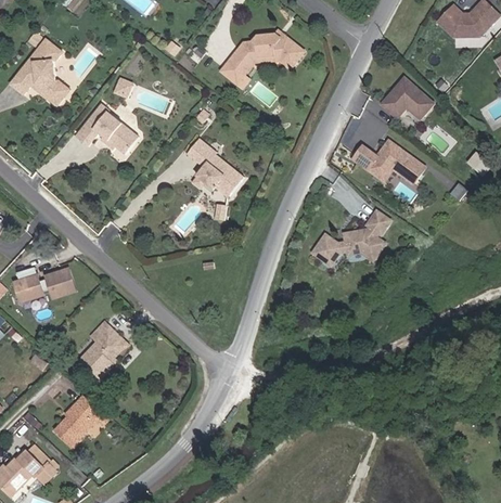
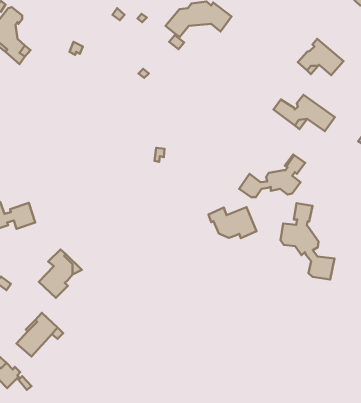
building: [75,103,139,153] -> none
building: [185,137,244,196] -> none
building: none -> [281,203,335,280]
building: none -> [208,207,256,238]

